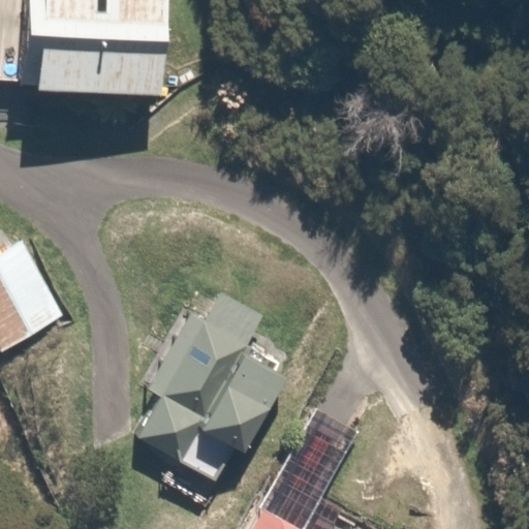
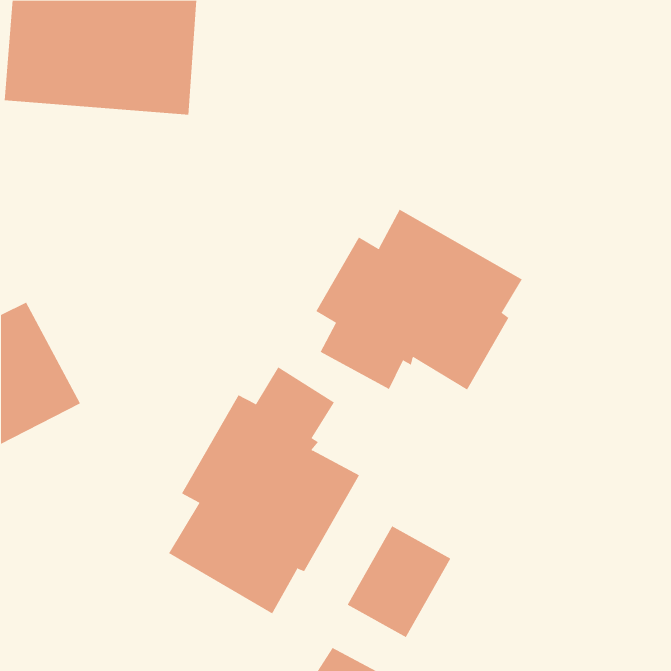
building: none -> [316,209,523,391]

